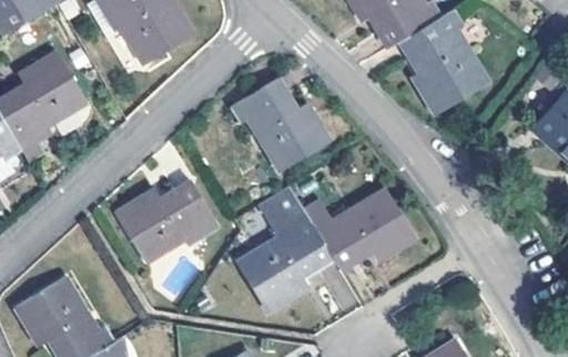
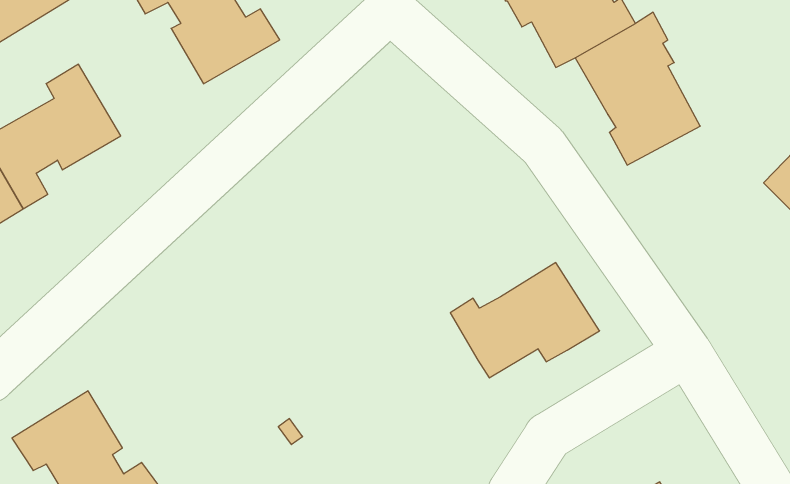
building: [230,79,329,171] -> none
building: [115,181,220,262] -> none
building: [241,184,332,307] -> none

